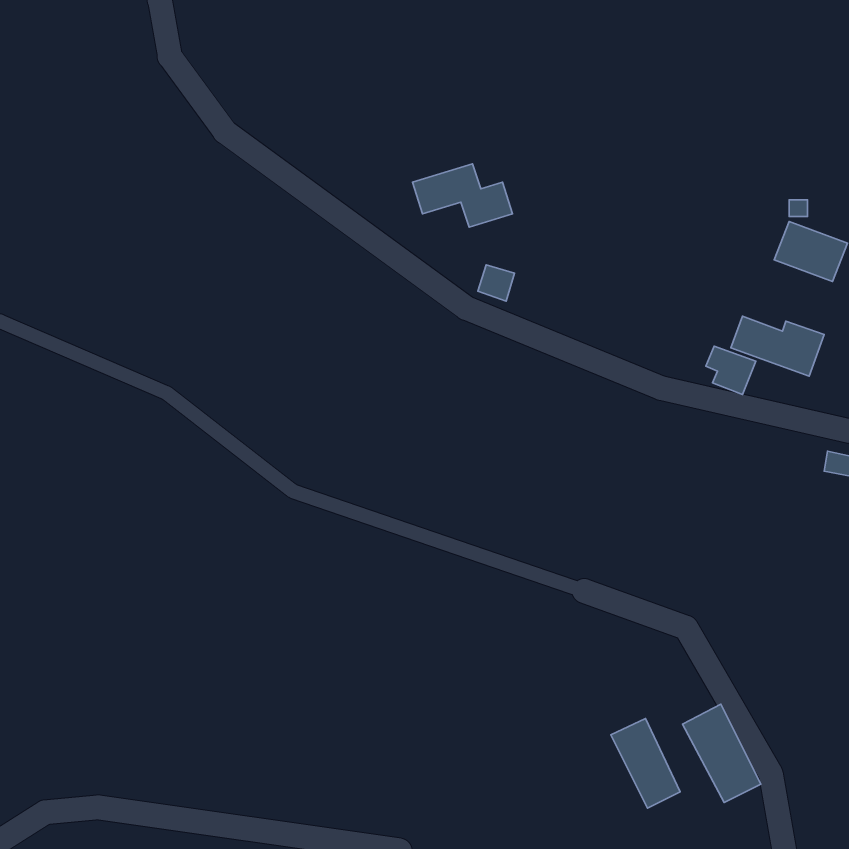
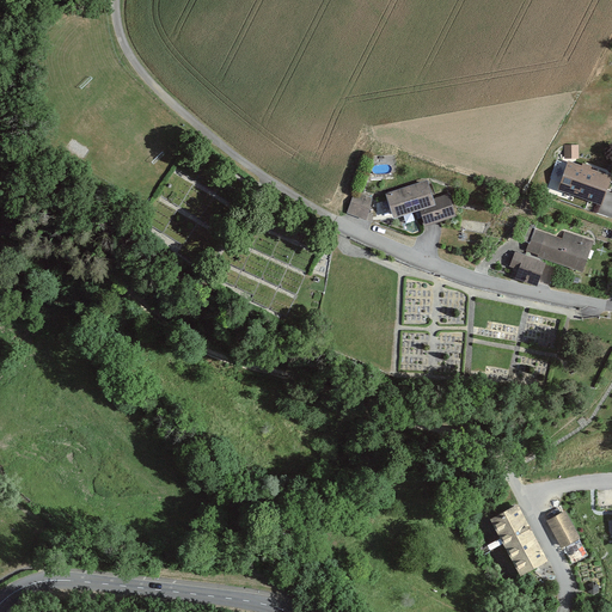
building: [413,164,512,227] -> [382,178,454,224]
building: none -> [547,513,582,550]
building: [611,718,680,808] -> none

